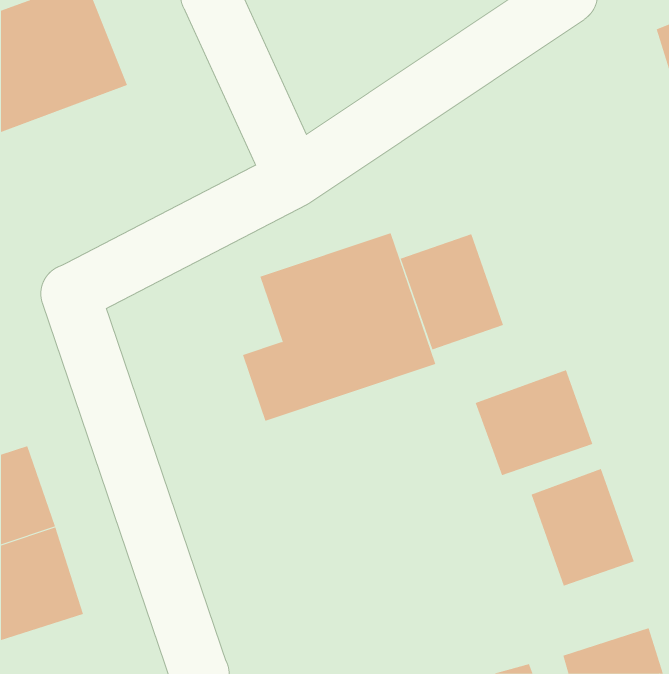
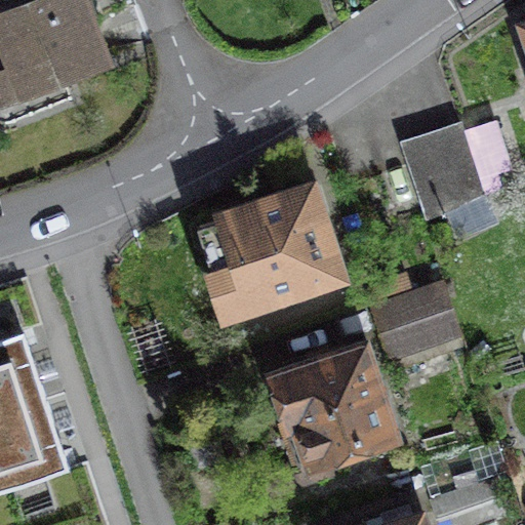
building: [400,233,504,350] -> [407,126,487,216]
building: none -> [258,345,398,476]
building: [531,468,635,587] -> none

